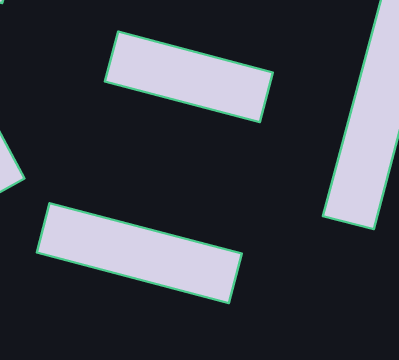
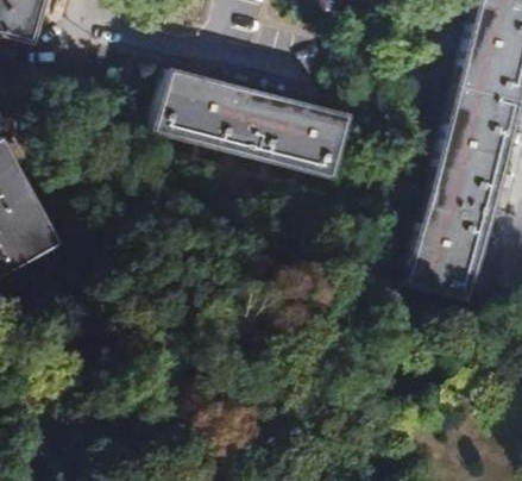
building: [37,203,242,303] -> none

